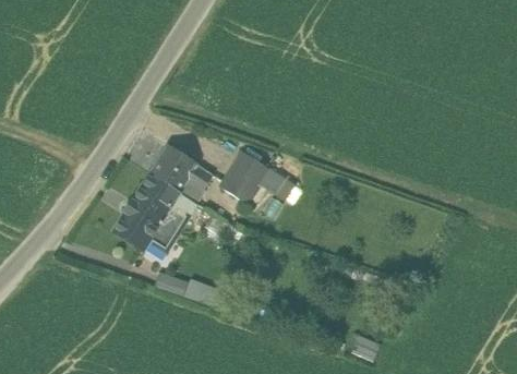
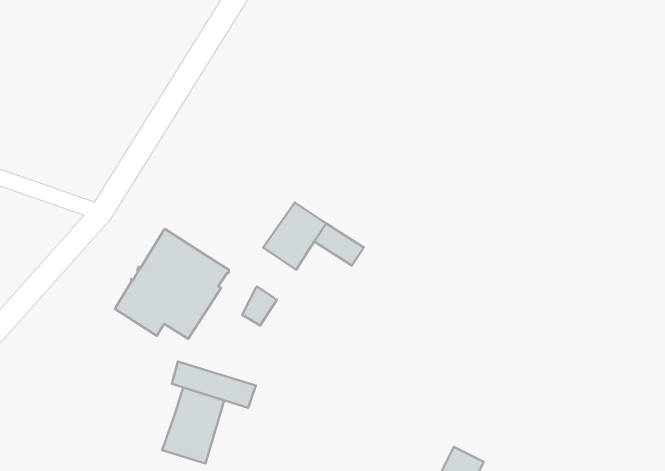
building: [149,144,213,203] -> none
building: none -> [162,388,224,463]

